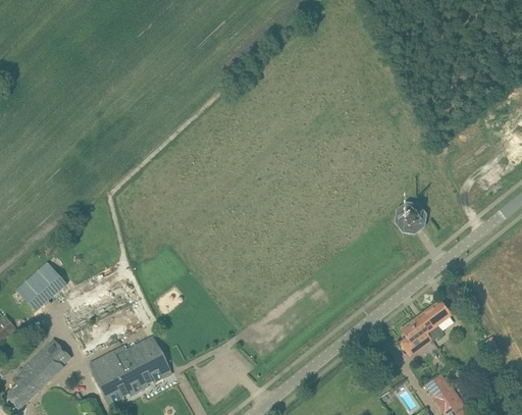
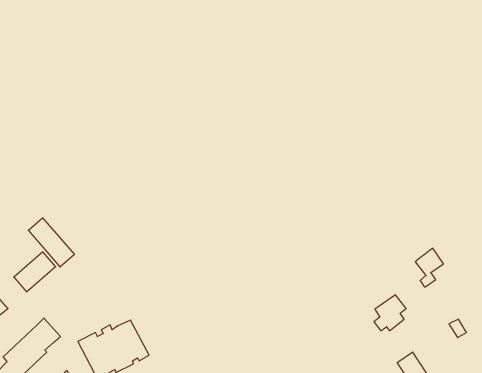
building: [395,202,426,234] -> none
building: none -> [28,218,74,267]
building: [422,299,452,340] -> [415,248,443,287]

